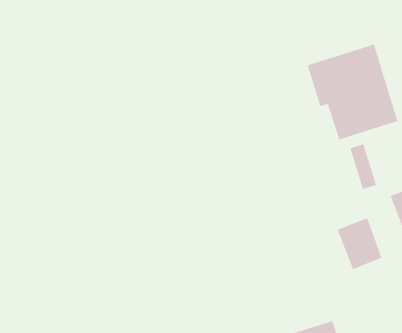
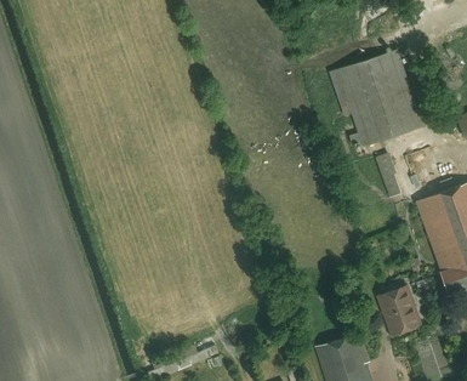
building: [337,217,382,270] -> [376,284,422,337]

